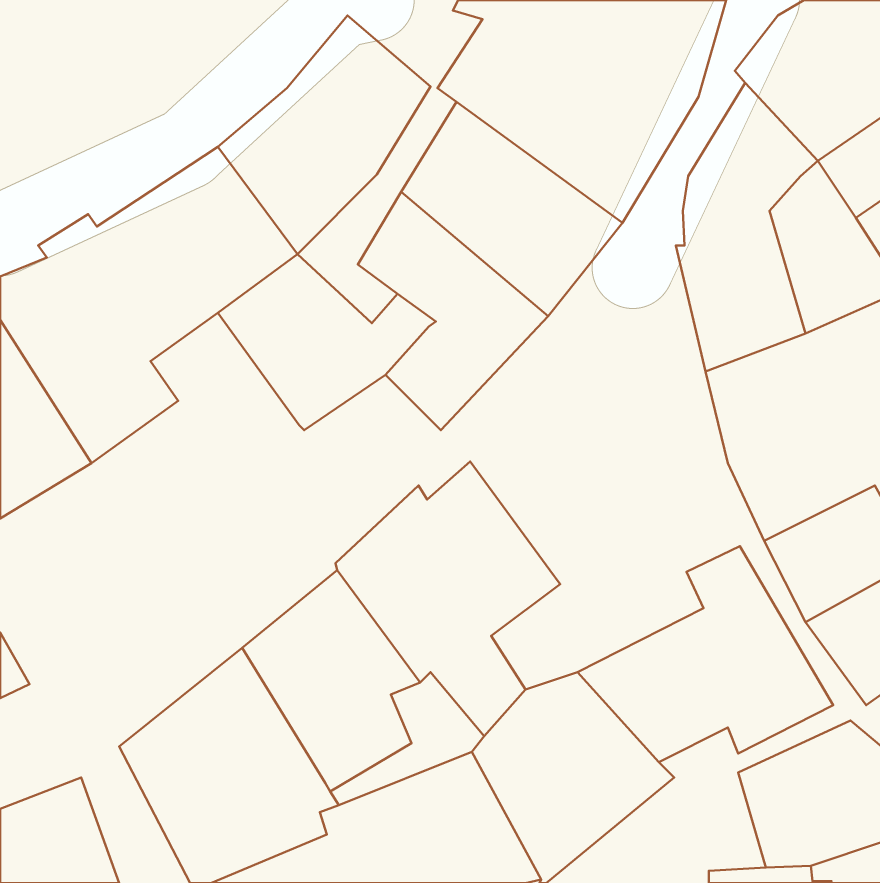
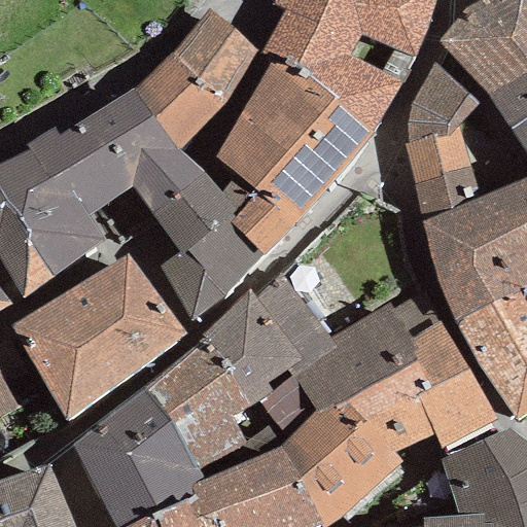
building: none -> [160,223,265,322]
building: none -> [12,256,186,424]
building: none -> [294,291,443,411]

